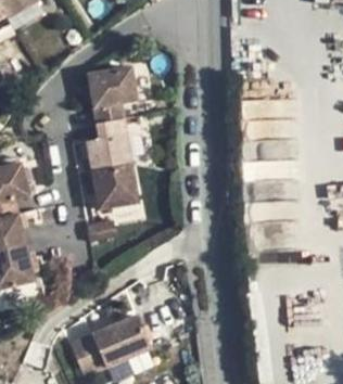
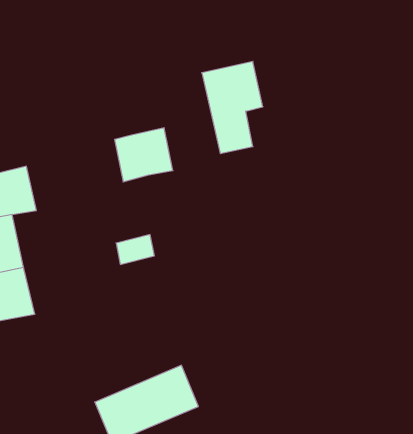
building: [88,72,135,142] -> [202,61,263,154]
building: [96,169,140,209] -> none

